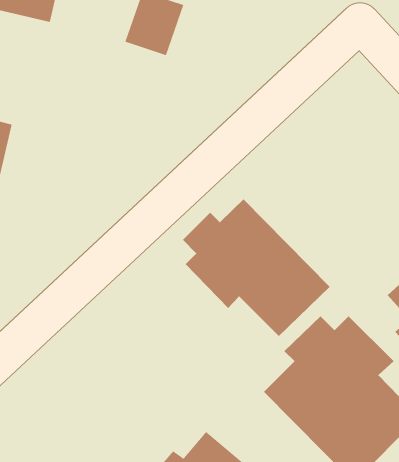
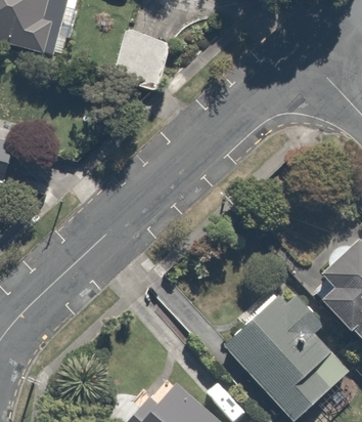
building: [182,199,331,337] -> none

